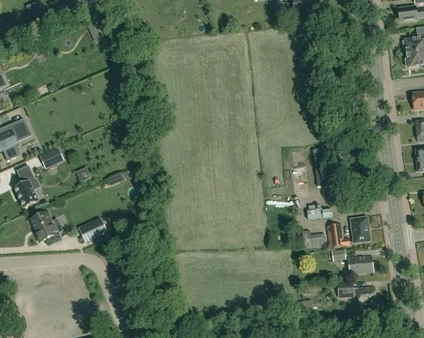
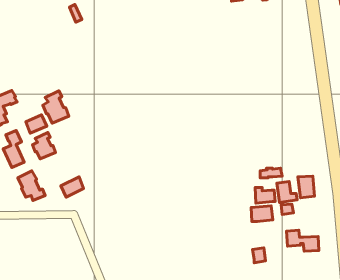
building: none -> [43,91,69,123]
building: none -> [32,132,55,159]
building: [348,255,373,273] -> [251,206,273,222]

